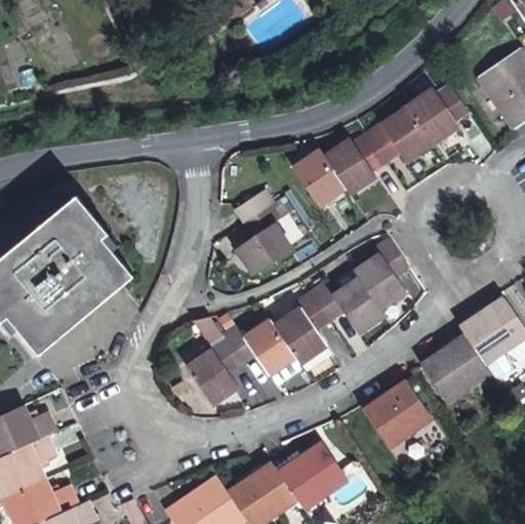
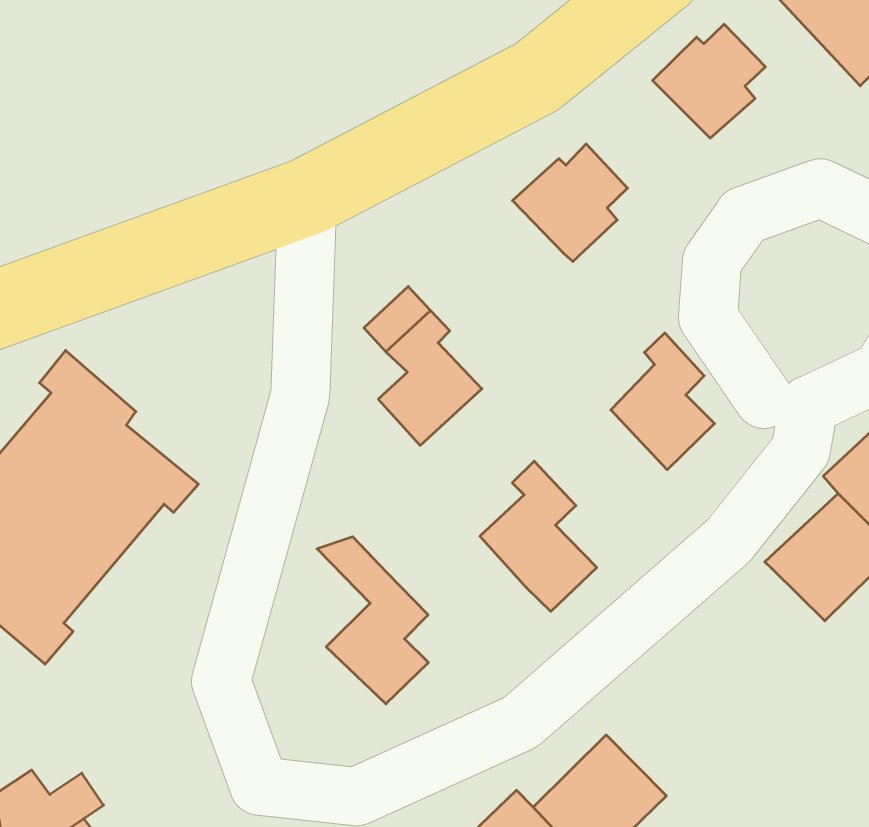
building: [365,108,430,161] -> none
building: [291,152,344,206] -> none
building: [310,280,382,333] -> none
building: [224,321,299,385] -> none
building: [362,381,431,447] -> none

